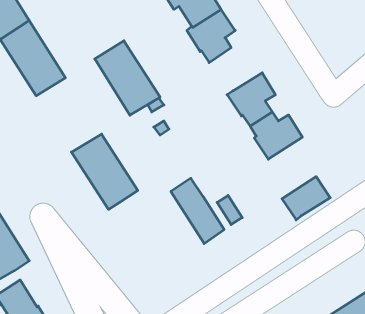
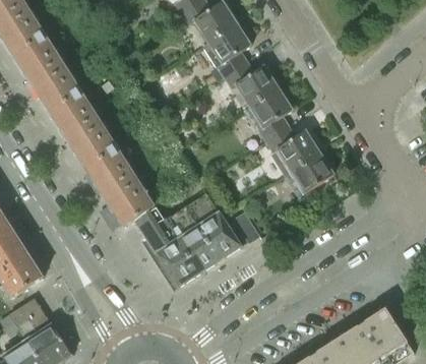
building: [95,41,160,115] -> [50,93,116,168]
building: none -> [225,62,279,106]
building: [282,177,330,220] -> [285,153,333,196]
building: none -> [134,203,220,287]

